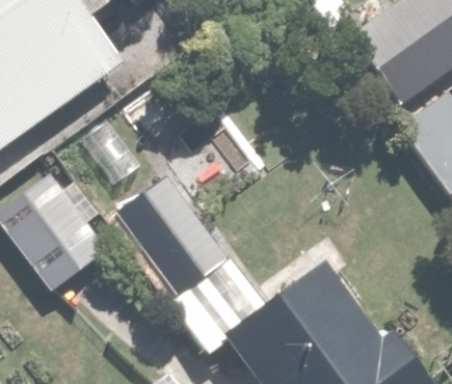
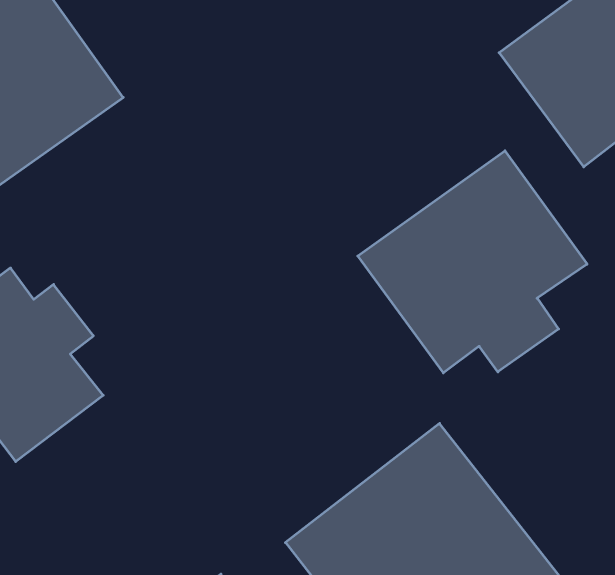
building: none -> [358,151,587,373]
building: [117,177,263,351] -> none

